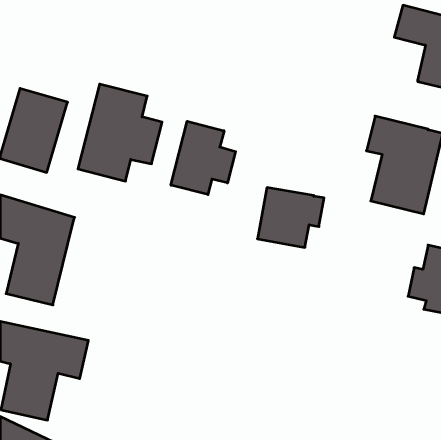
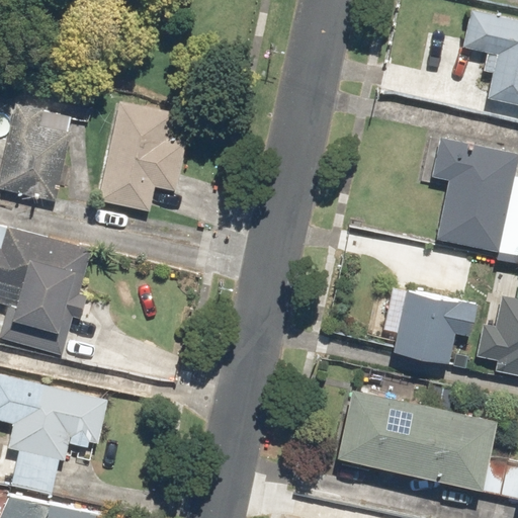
building: [171,121,236,195] -> none
building: [257,188,324,247] -> [396,291,473,361]
building: none -> [334,388,490,486]

